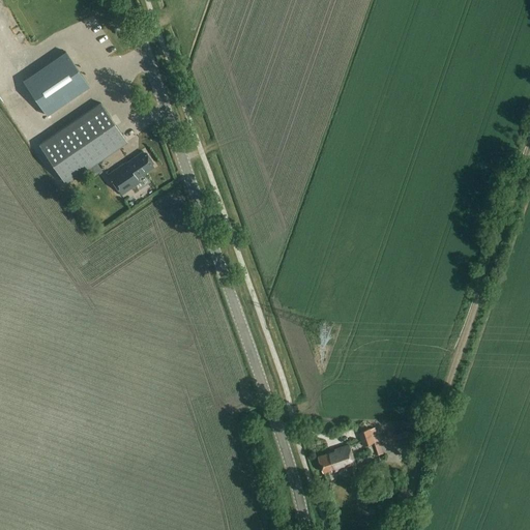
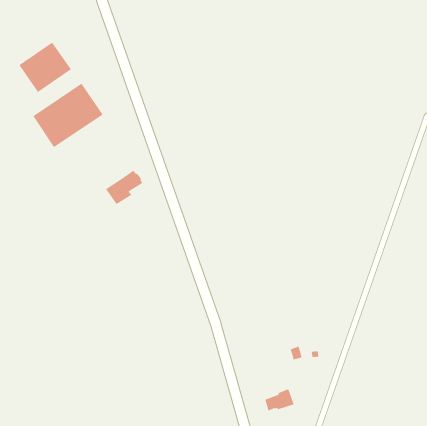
building: [107,152,153,196] -> [105,170,143,205]
building: [319,446,356,474] -> [264,389,295,411]

